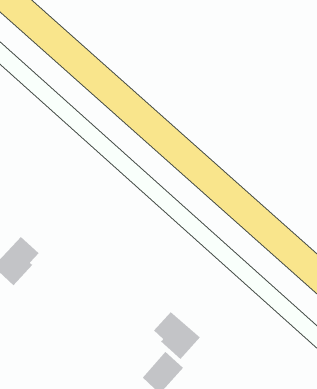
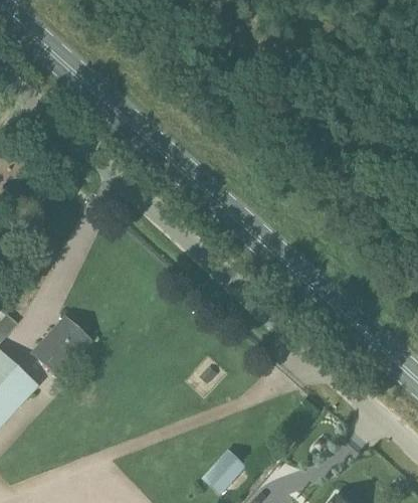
building: [153,311,201,360] -> none

